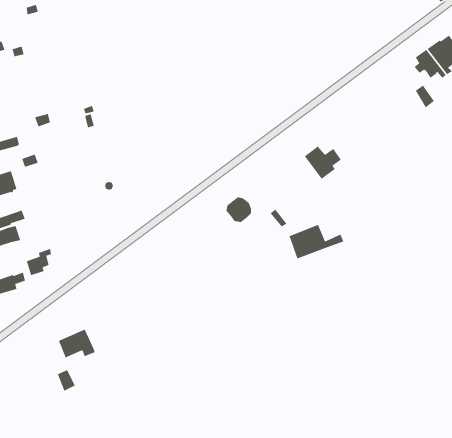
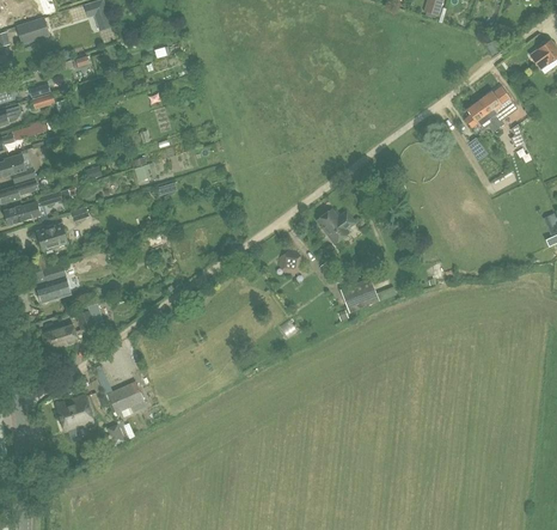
building: [304,145,342,180] -> [316,208,354,243]
building: none -> [55,394,93,431]

